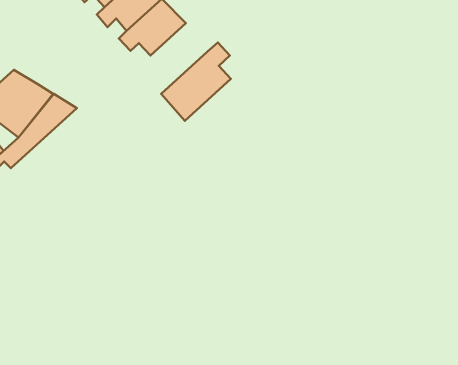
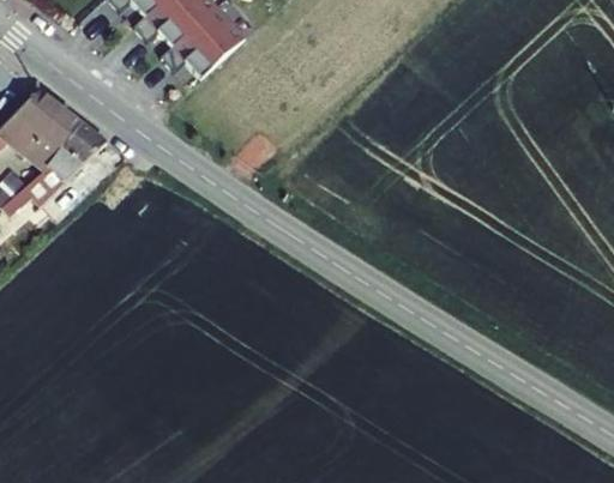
building: [161,43,231,121] -> none

